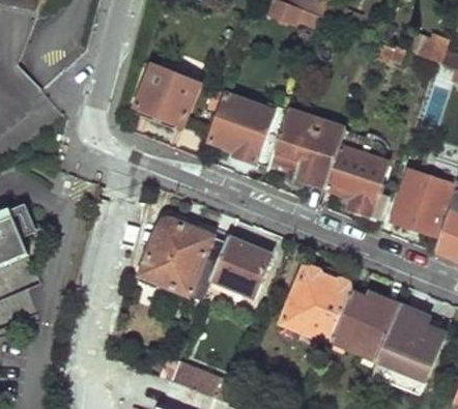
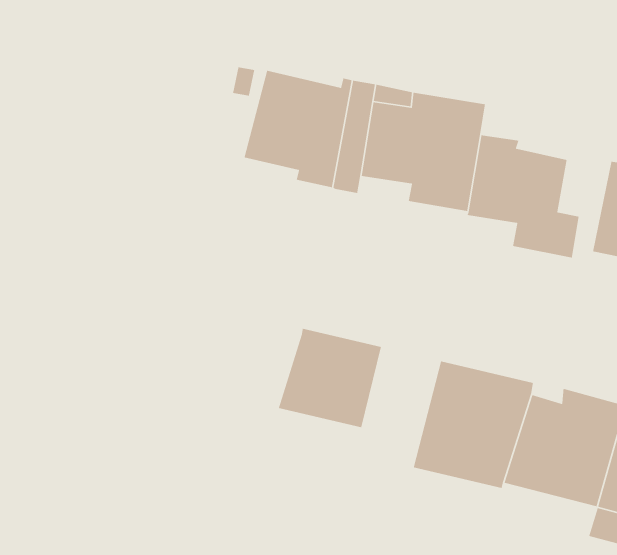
building: [135,63,199,122] -> none
building: [137,218,226,299] -> none

